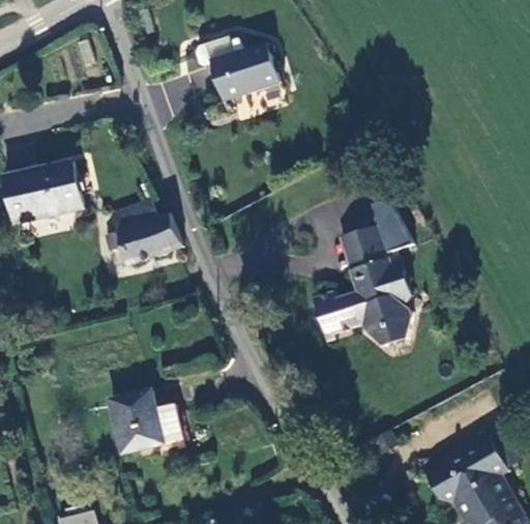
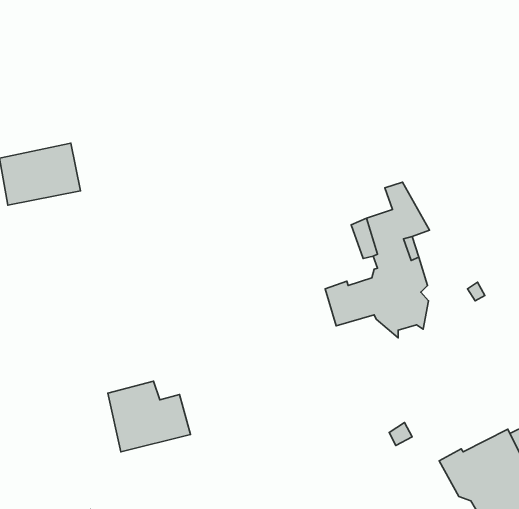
building: [189,38,278,101] -> none
building: [99,200,180,266] -> none

